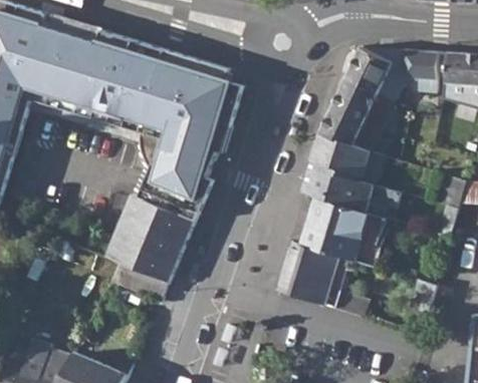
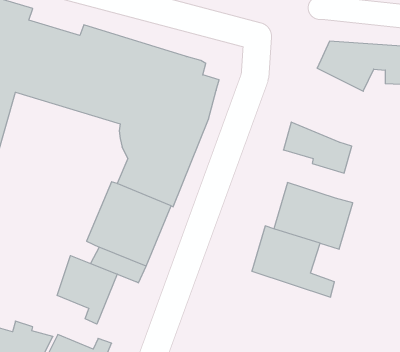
building: [319,75,395,152] -> none
building: [302,160,401,211] -> none
building: none -> [57,256,117,324]

